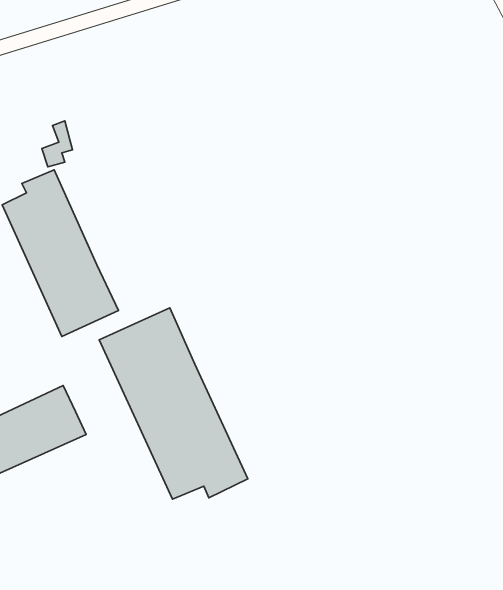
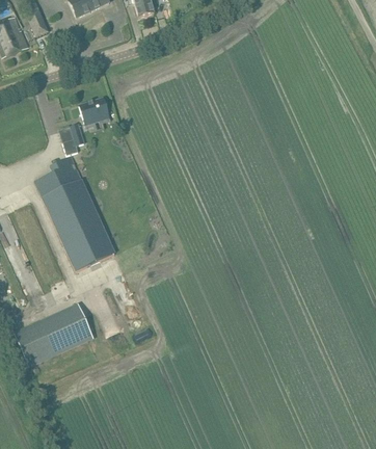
building: none -> [79,97,108,125]
building: [99,308,248,499] -> none

